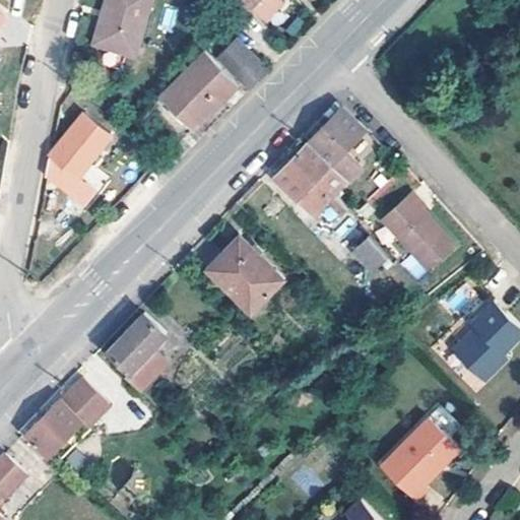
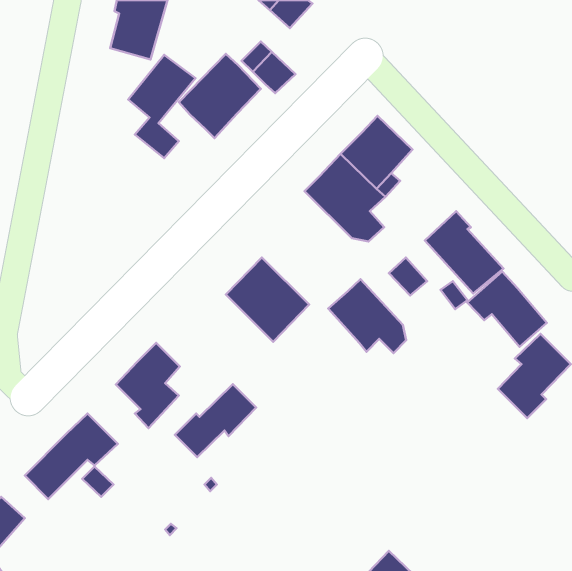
building: [50,114,111,207] -> [128,55,196,158]
building: none -> [467,271,547,347]
building: none -> [328,279,406,353]
building: none -> [175,384,256,457]
building: [379,419,459,503] -> none

